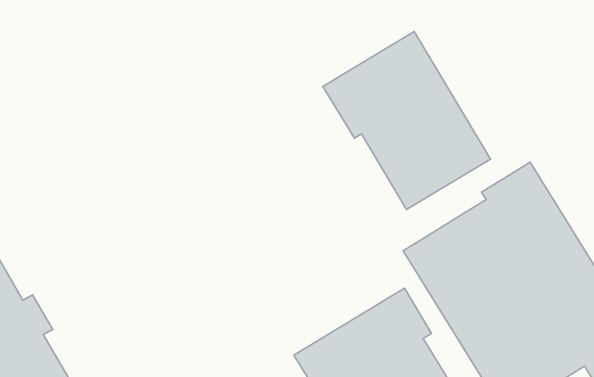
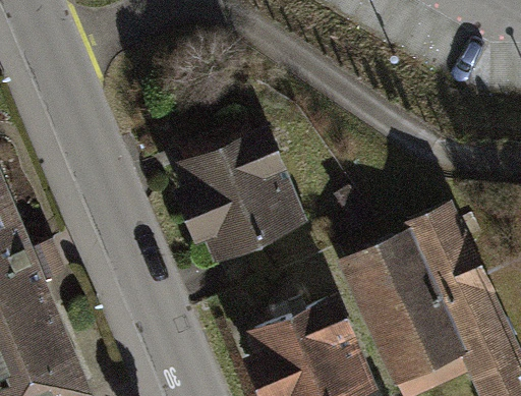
building: [323,31,490,209] -> none
building: none -> [172,122,300,259]

